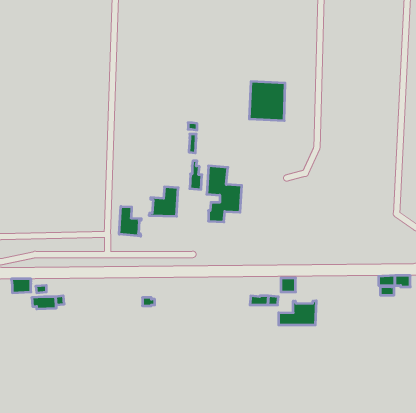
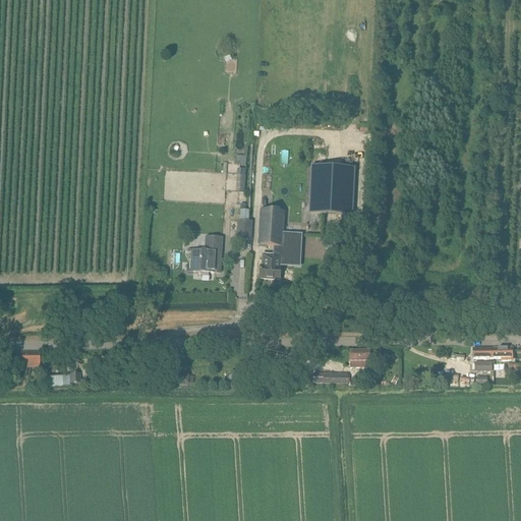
building: [249,82,285,121] -> [309,164,354,213]
building: [119,206,141,236] -> none
building: [279,301,316,325] -> none

